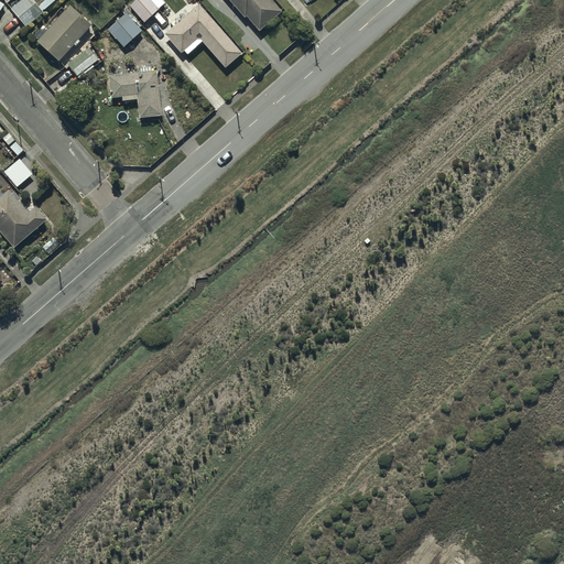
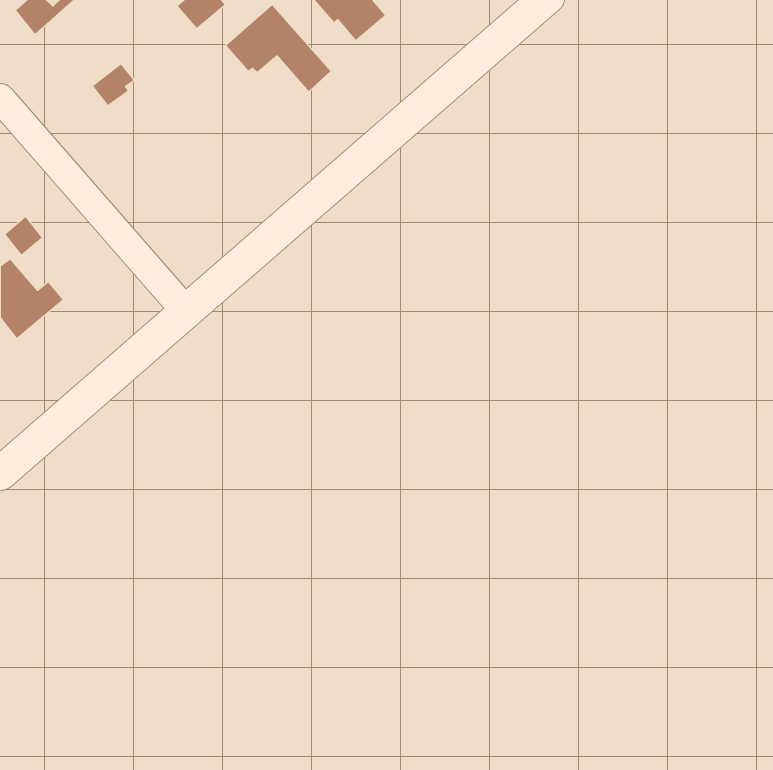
building: [36,4,89,59] -> none
building: [107,11,142,46] -> none
building: [107,65,161,117] -> none

